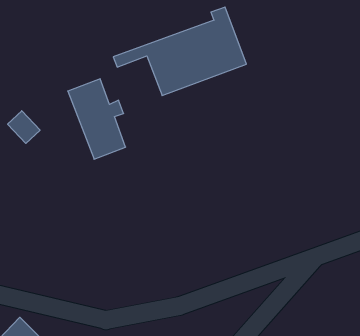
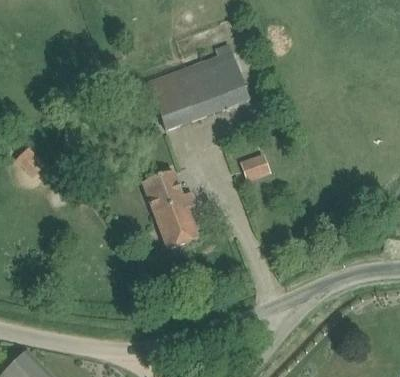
building: [68,79,126,159] -> [141,170,198,249]
building: none -> [240,153,271,181]

